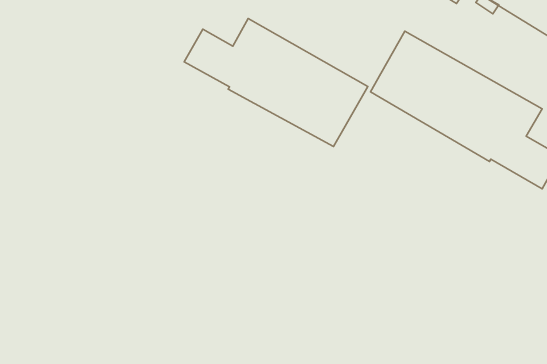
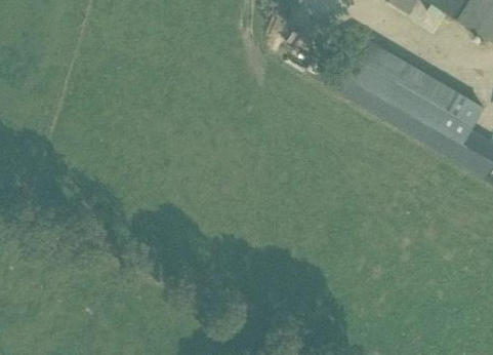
building: [184,19,368,147] -> none

